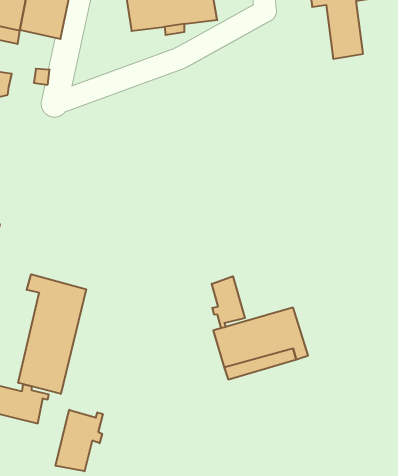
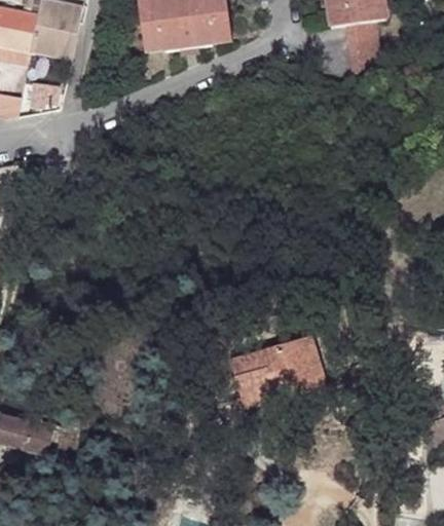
building: [18,274,86,394] -> none
building: [212,276,245,328] -> none
building: [55,410,103,471] -> none

